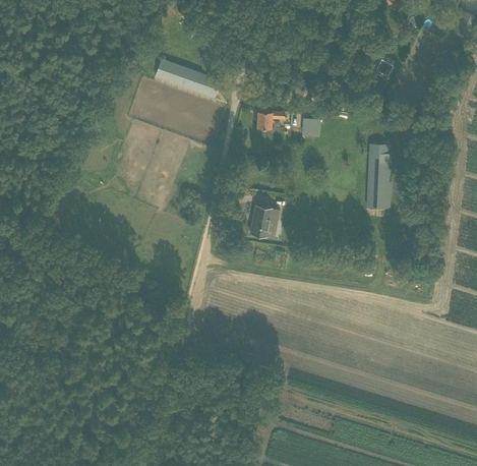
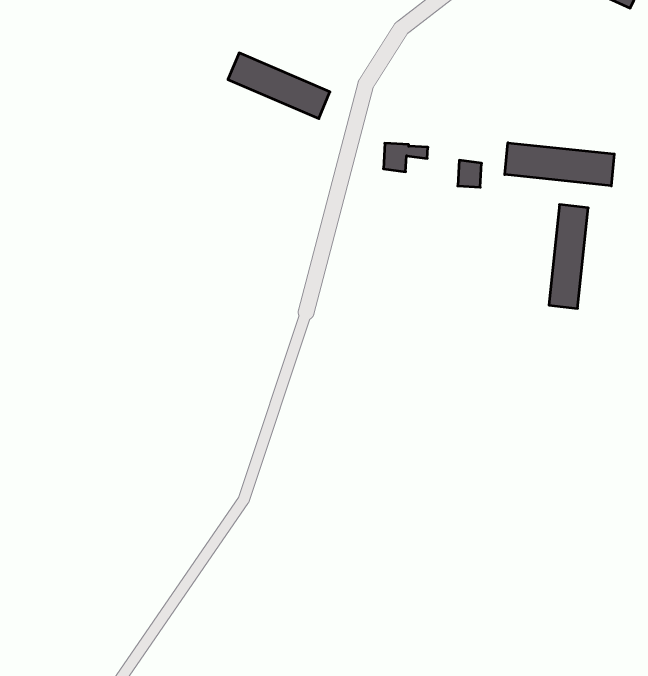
building: none -> [505,143,614,186]
building: [250,205,280,237] -> none

